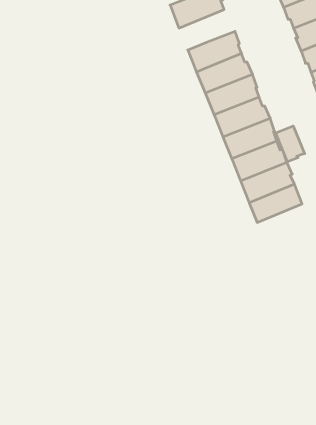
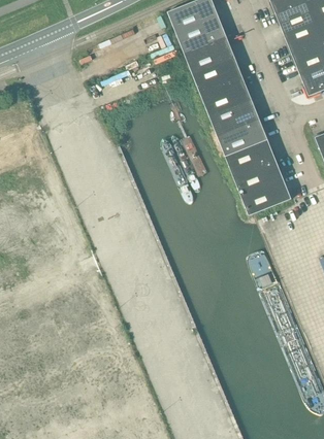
building: none -> [175,15,228,54]
building: [276,126,305,162] -> none

